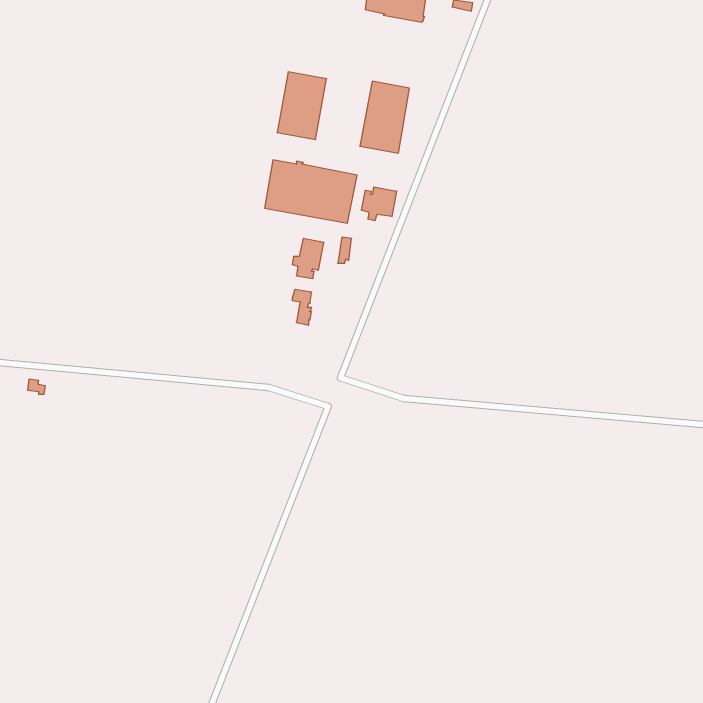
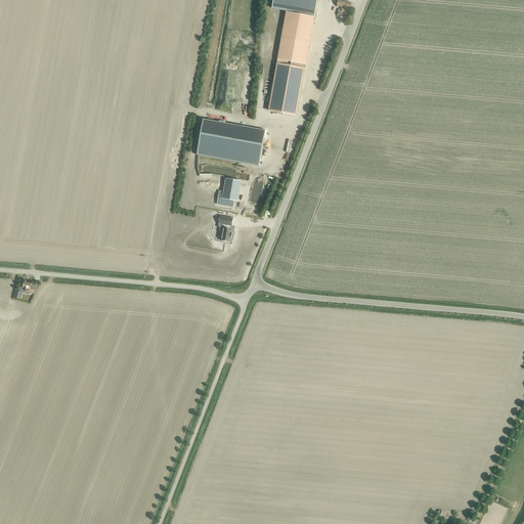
building: [277,72,327,139] -> [276,12,313,62]
building: [361,187,397,221] -> none

